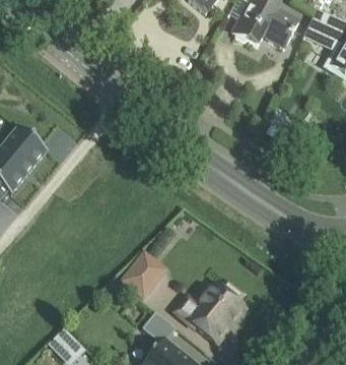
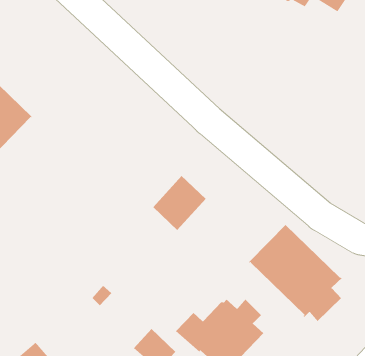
building: none -> [249,223,343,322]
building: [122,252,164,297] -> [152,175,206,231]

